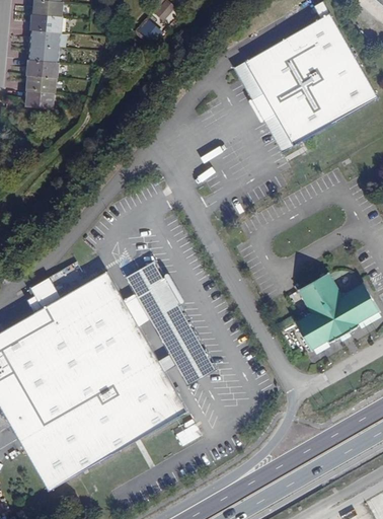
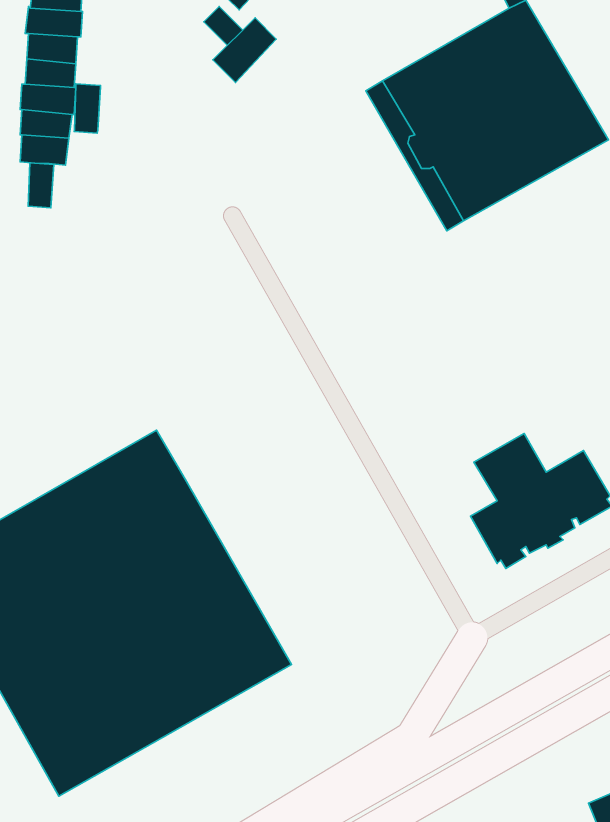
building: none -> [213,18,276,83]
building: none -> [74,84,101,133]
building: none -> [28,163,54,208]
building: [124,260,218,386] -> none

